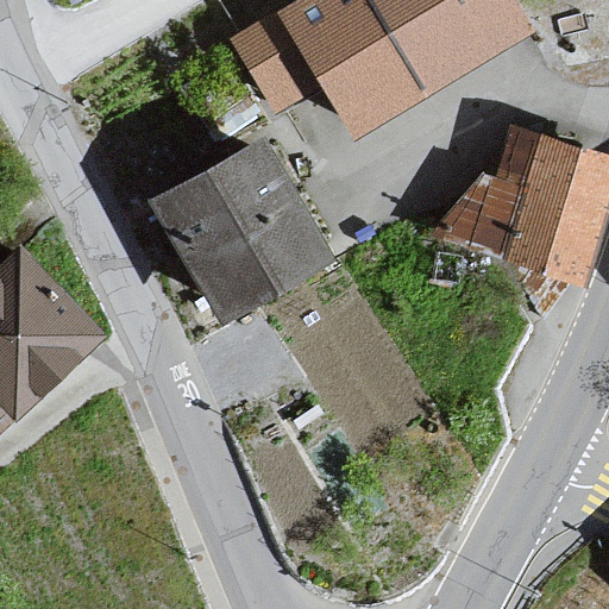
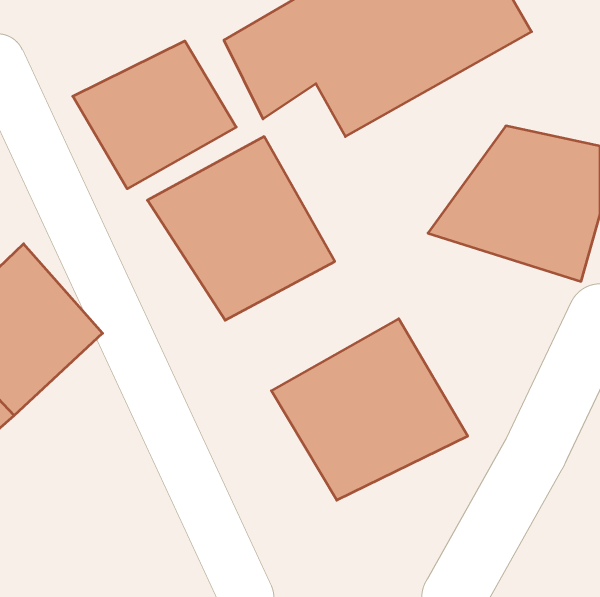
building: none -> [73,41,236,189]
building: none -> [271,319,468,500]

